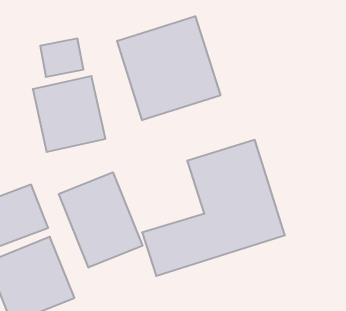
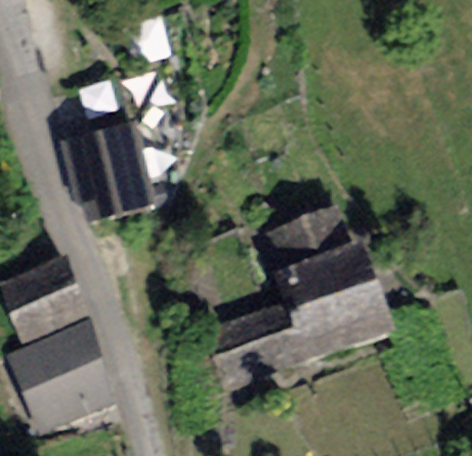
building: [117,16,220,120] -> none
building: [59,172,142,268] -> none

